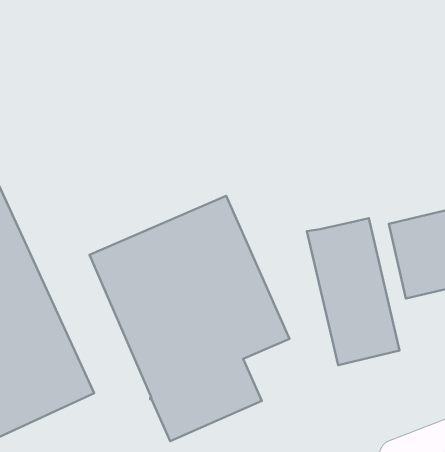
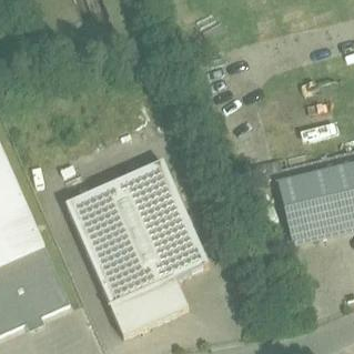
building: [307,218,399,365] -> none

